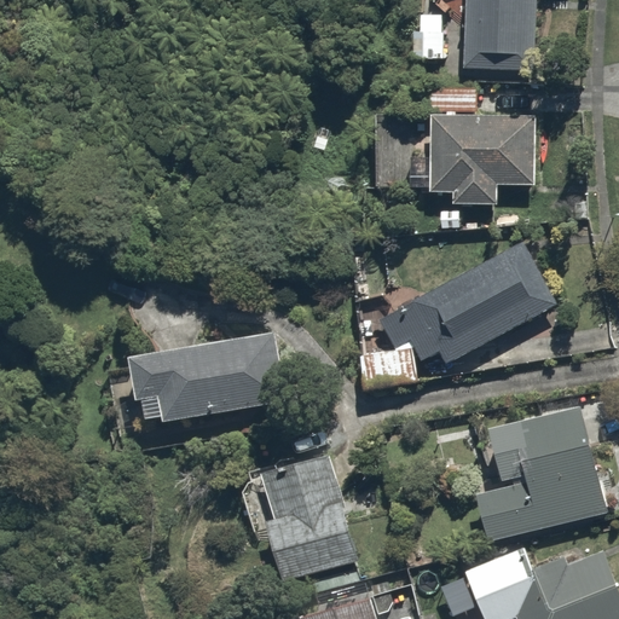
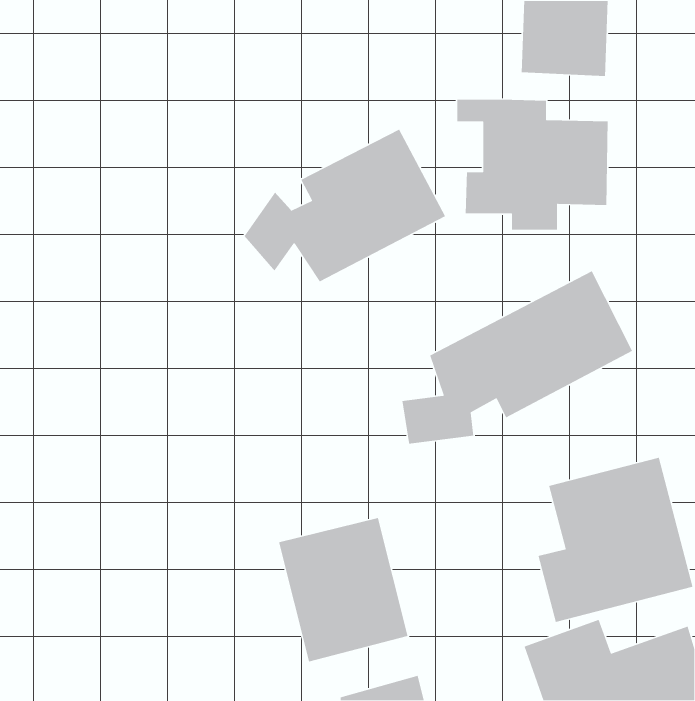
building: none -> [244,129,446,282]
building: [122,332,287,430] -> none

